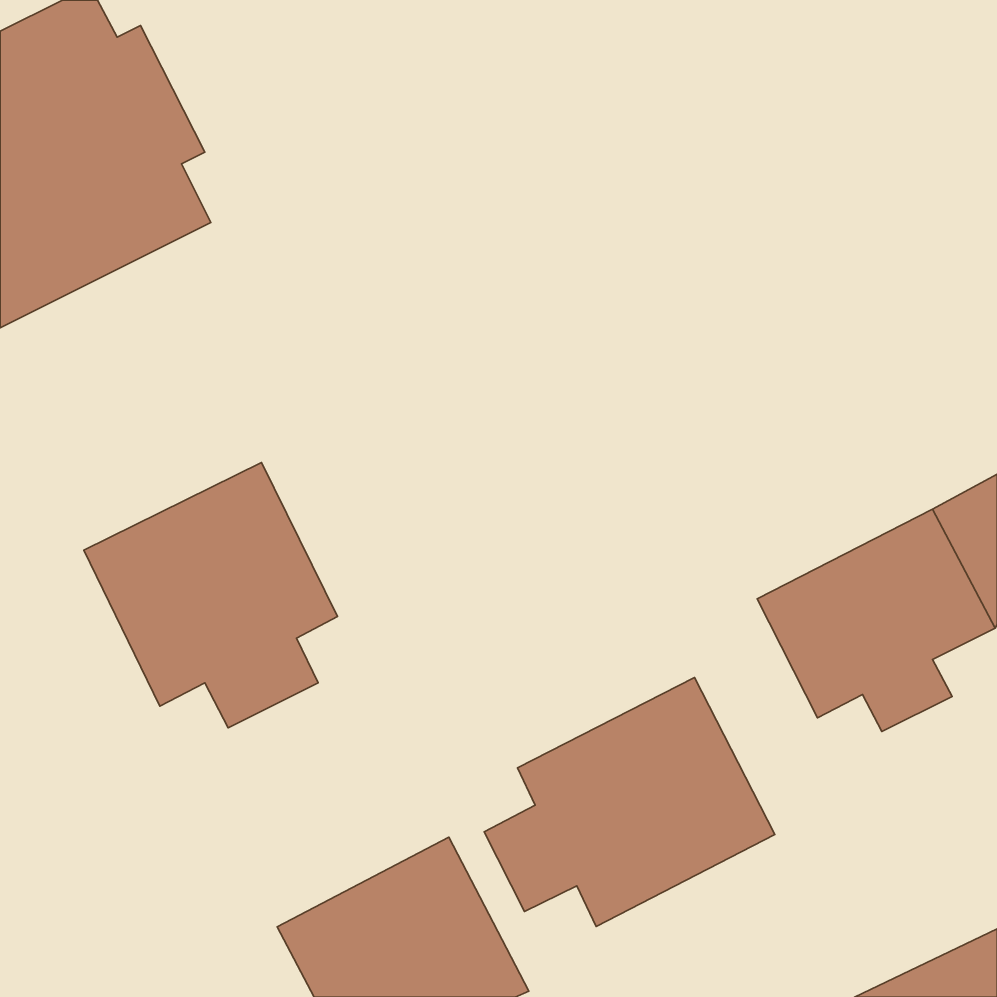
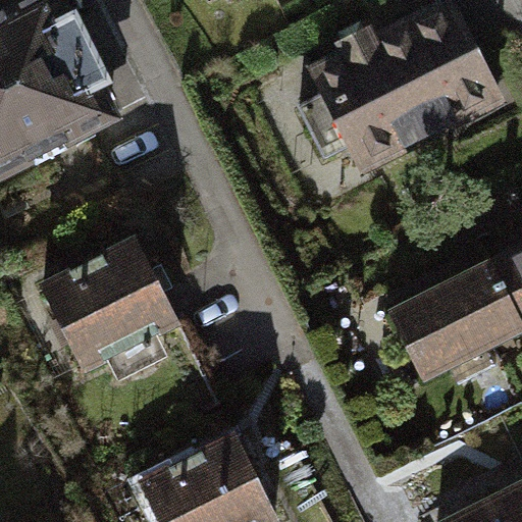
building: none -> [303,8,497,164]
building: [484,677,775,927] -> none

